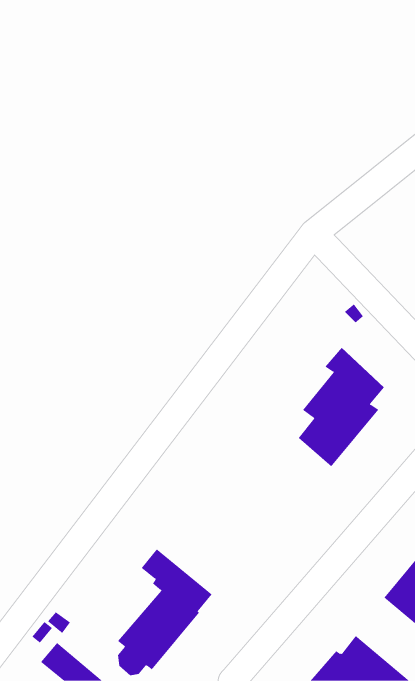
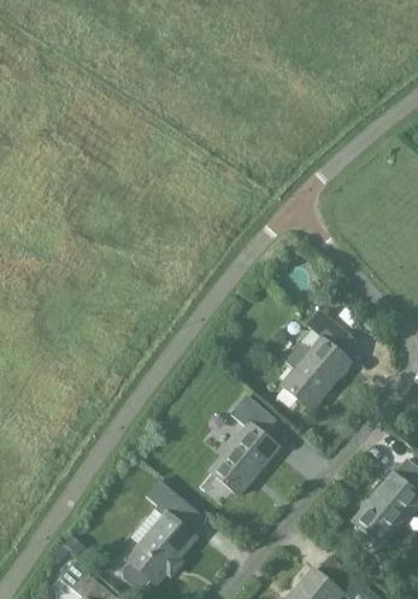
building: none -> [210,395,278,495]

